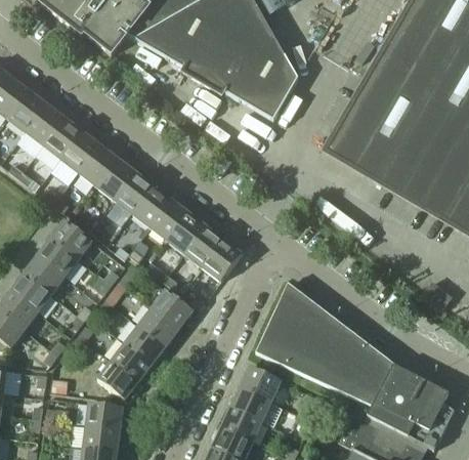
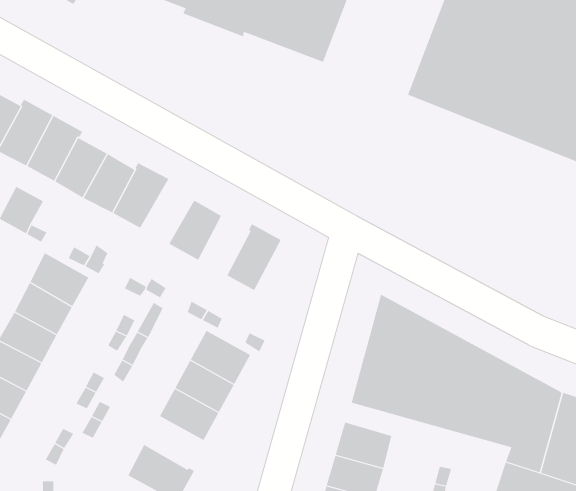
building: [132,182,175,226] -> none
building: [168,213,206,254] -> none
building: [203,236,245,282] -> none
building: [112,342,153,381] -> none

